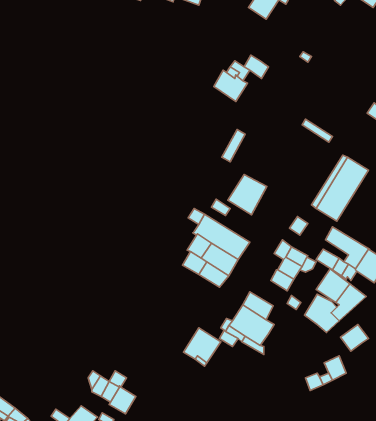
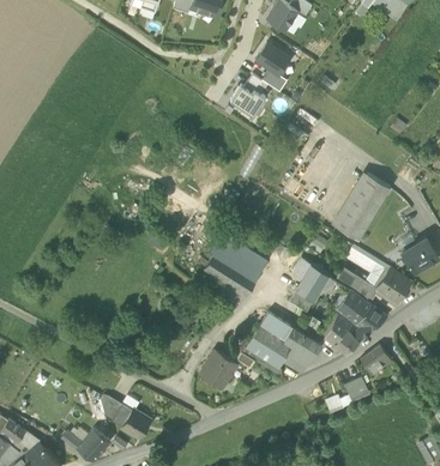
building: none -> [257,42,290,73]
building: [228,174,267,215] -> none
building: none -> [285,326,323,373]

